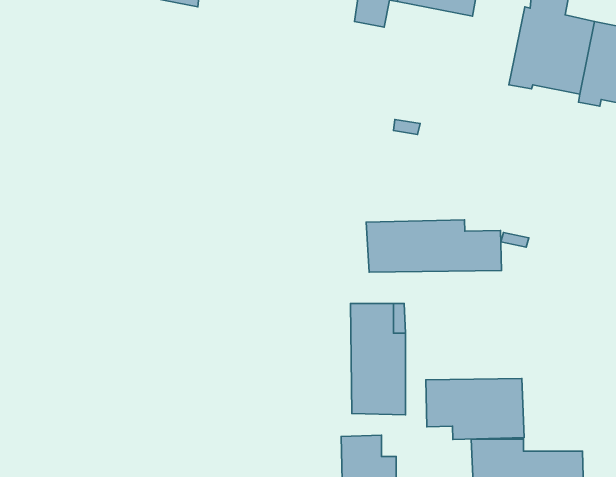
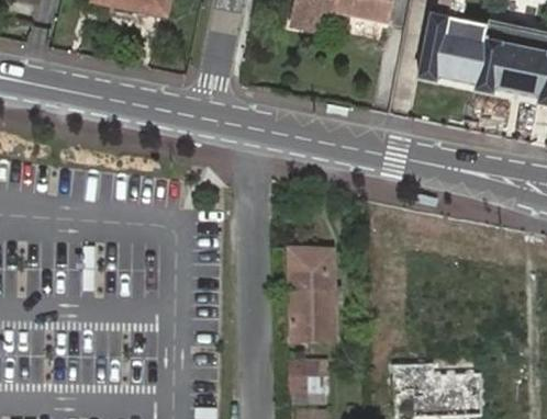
building: [366,220,502,272] -> none
building: [426,379,524,440] -> none

